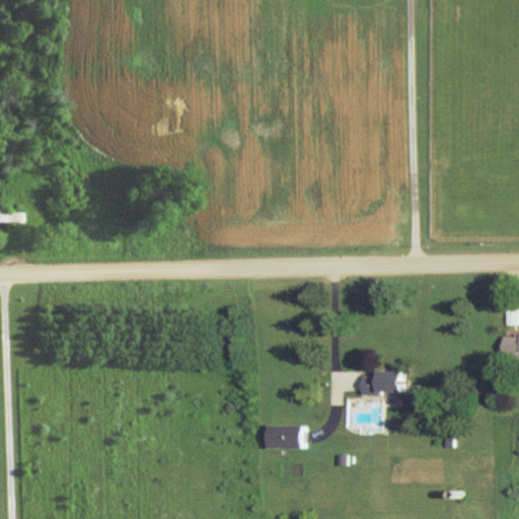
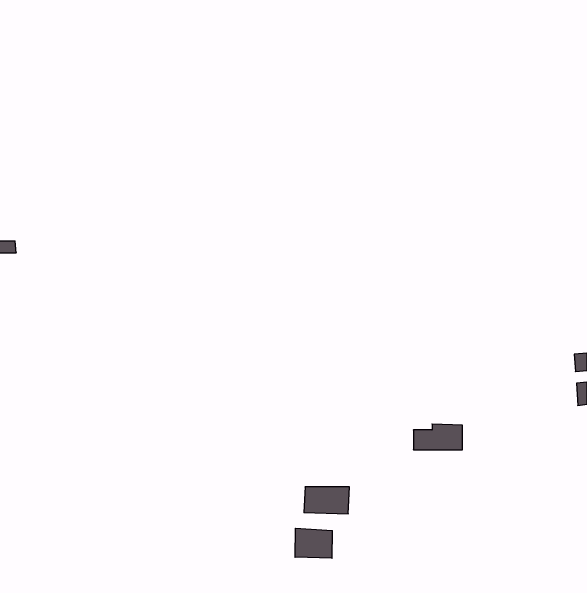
building: none -> [295,528,332,558]

